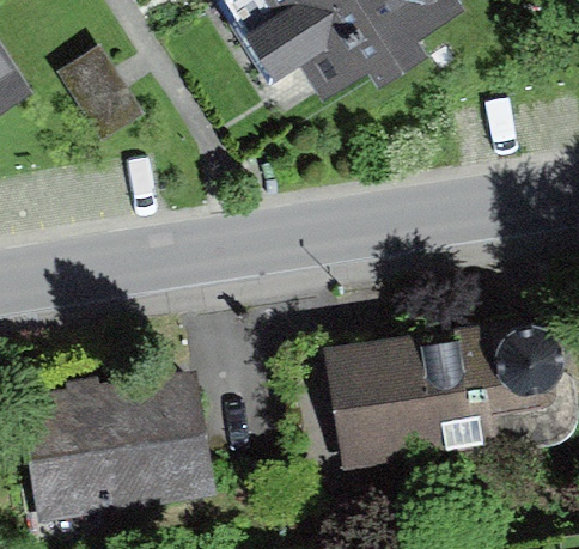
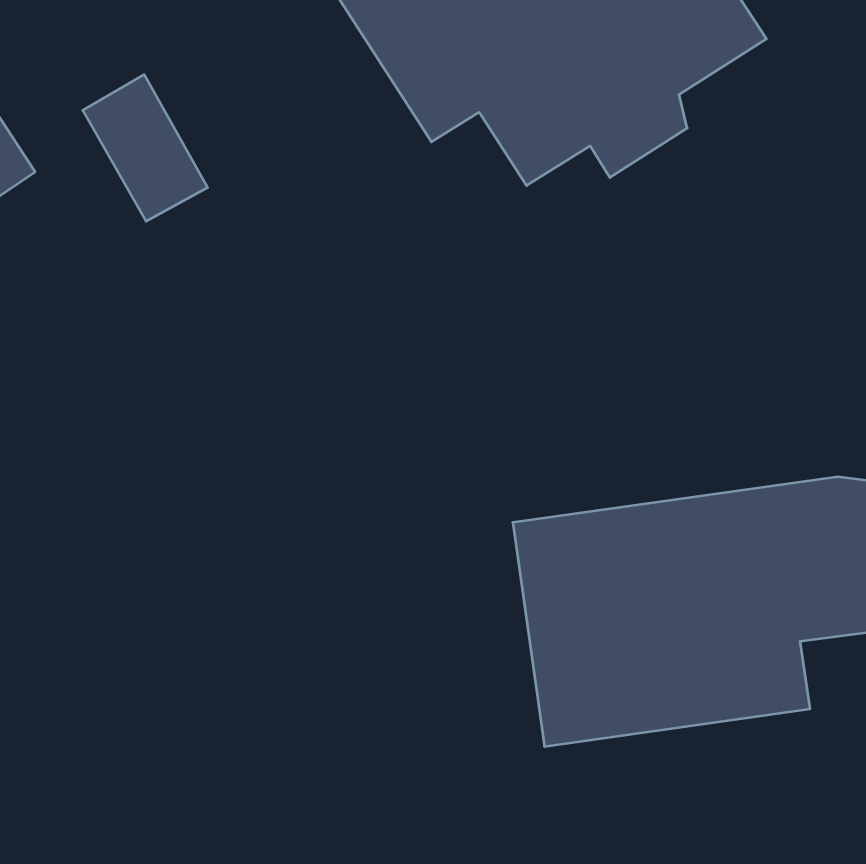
building: [25,370,215,512] -> none

